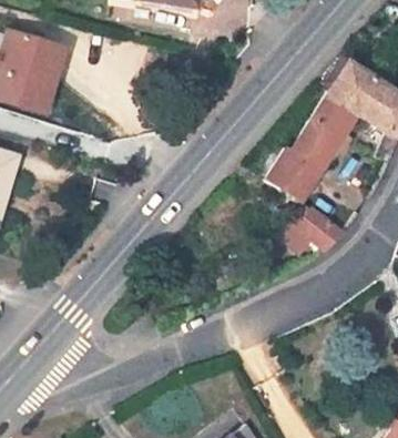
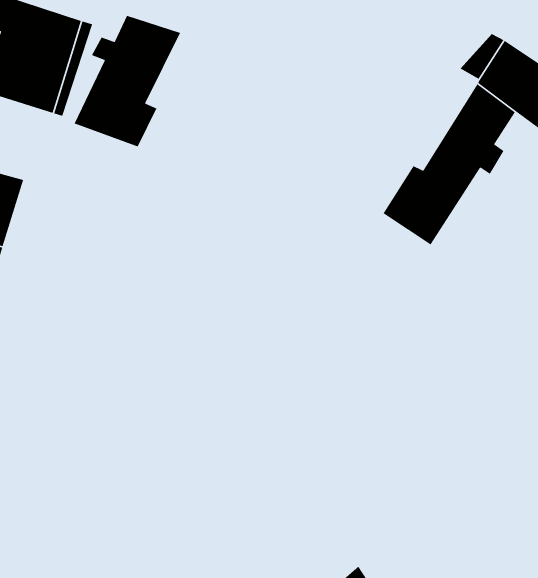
building: none -> [74,15,181,148]
building: [278,206,346,252] -> none

